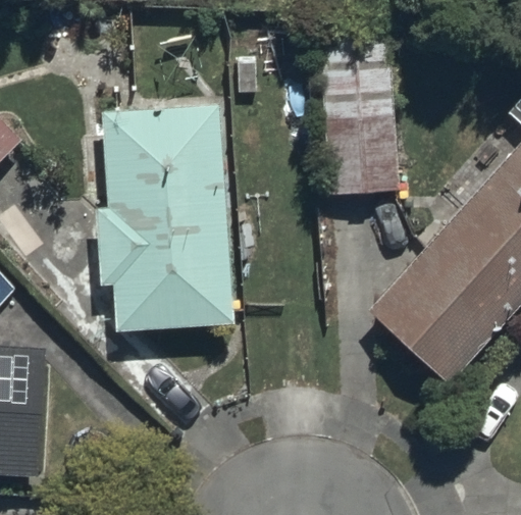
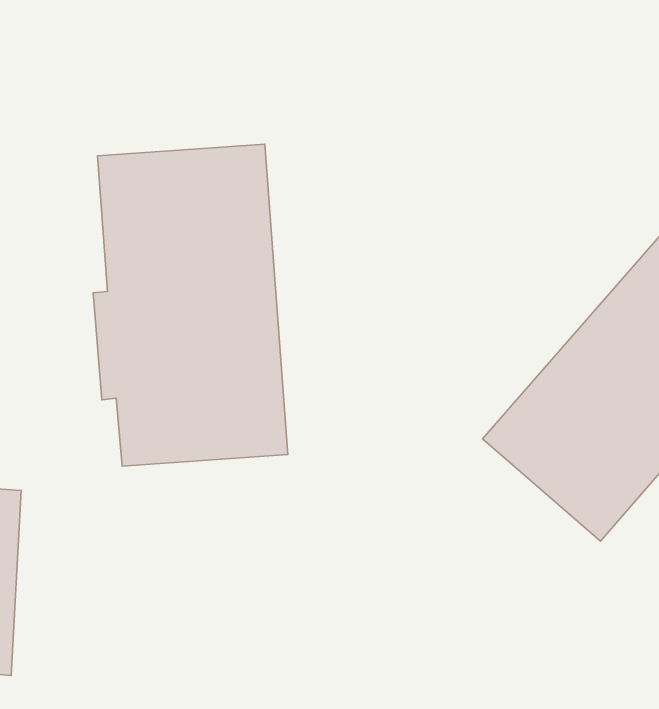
building: [317,33,398,196] -> none

